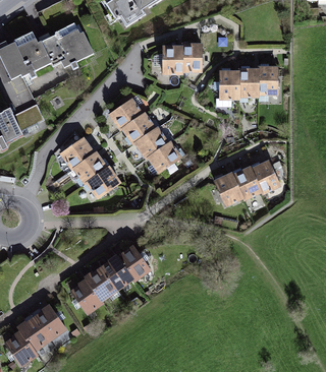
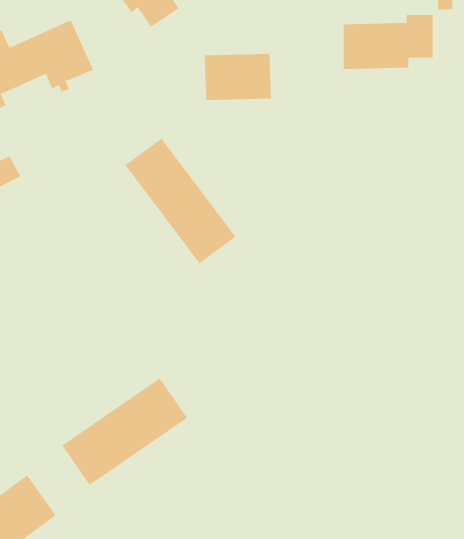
building: [219,63,276,98] -> [343,14,434,69]
building: [62,137,119,199] -> none
building: [213,160,280,204] -> none

